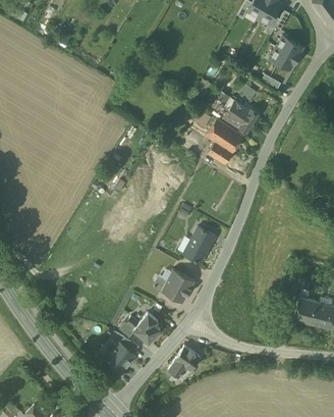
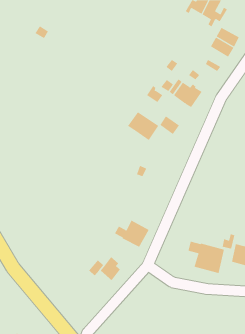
building: [206,117,244,153] -> [127,111,159,141]
building: [184,225,216,262] -> none
building: none -> [188,241,225,274]
building: [106,335,141,372] -> none
building: [169,345,202,377] -> none

